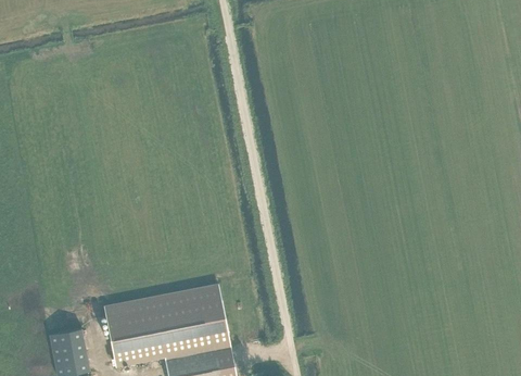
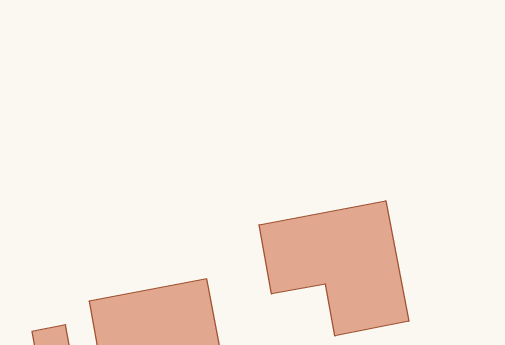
building: none -> [259,201,409,336]

